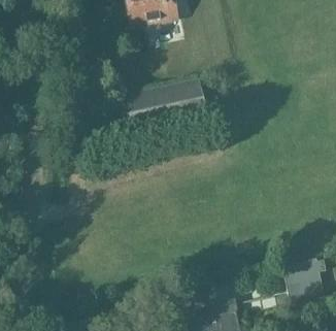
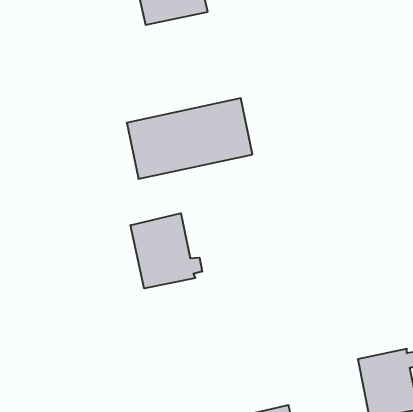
building: none -> [131,213,202,288]

